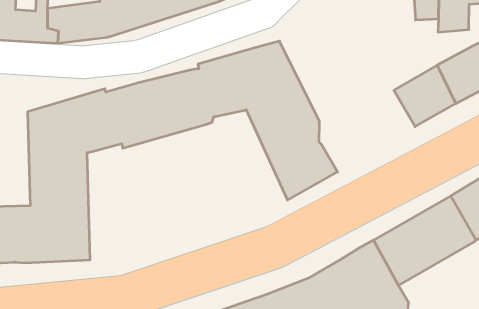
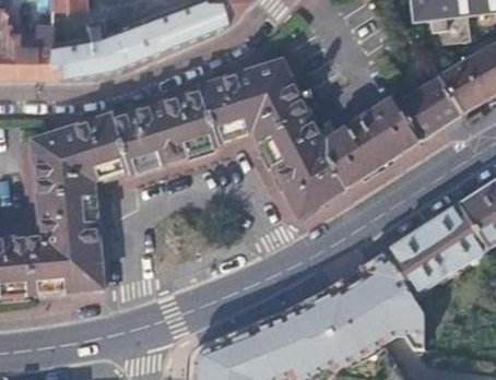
building: none -> [329,96,421,187]

